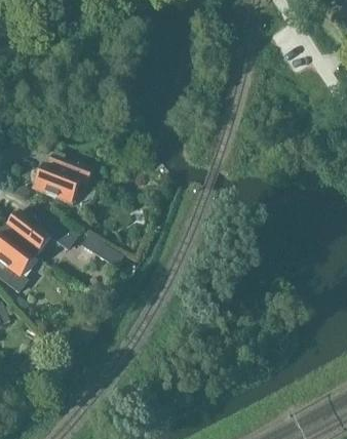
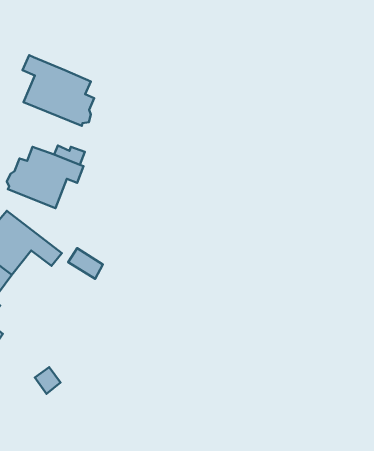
building: none -> [23,55,94,126]

